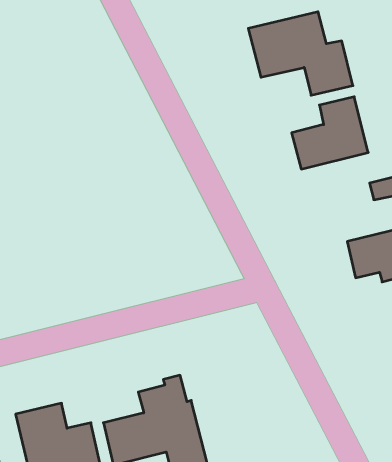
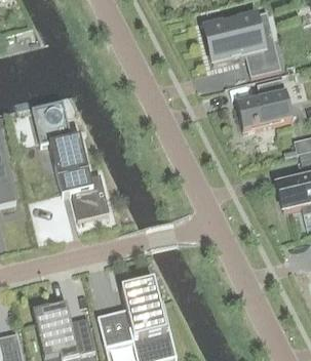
building: none -> [31,99,109,218]

